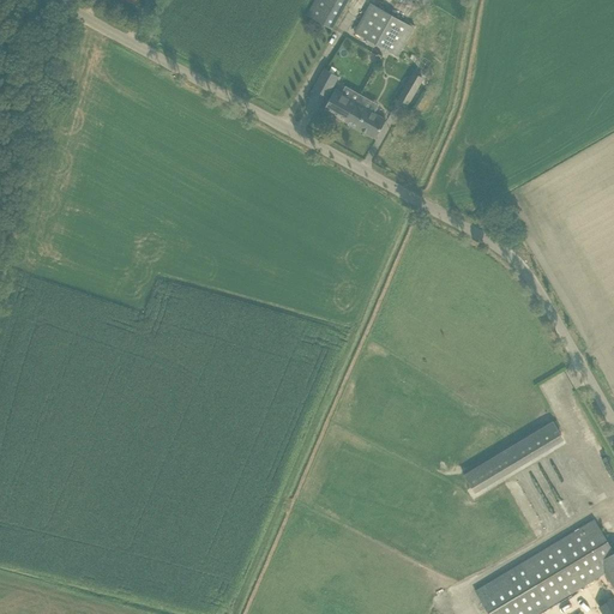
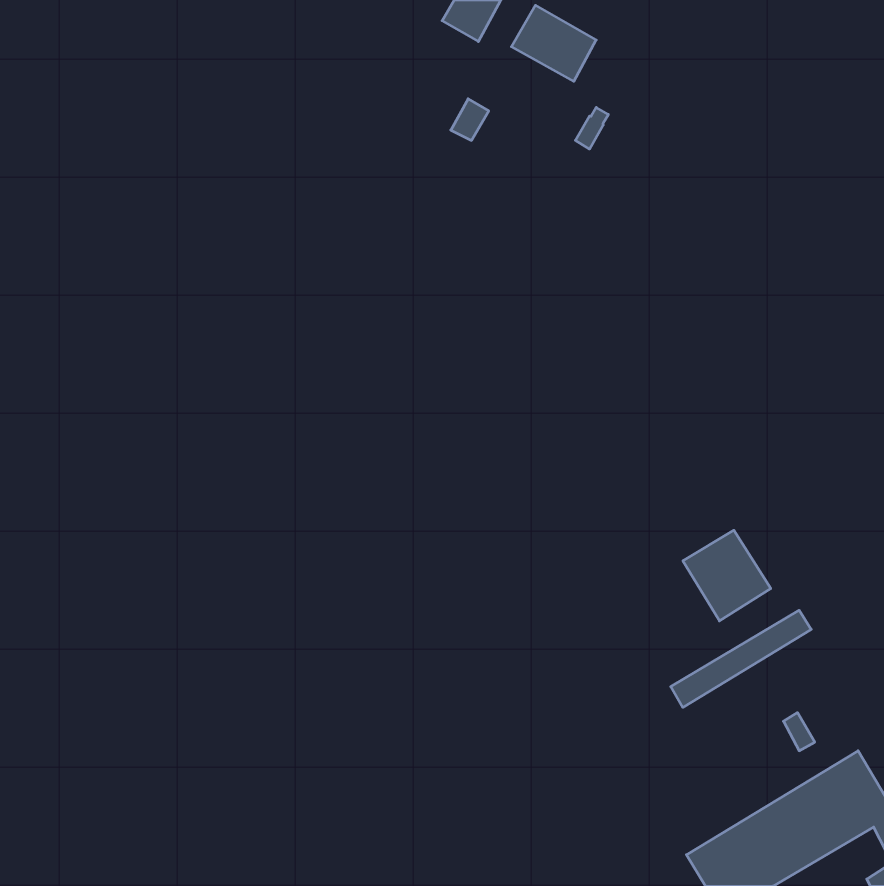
building: [324,89,386,138] -> none
building: none -> [683,530,771,621]

